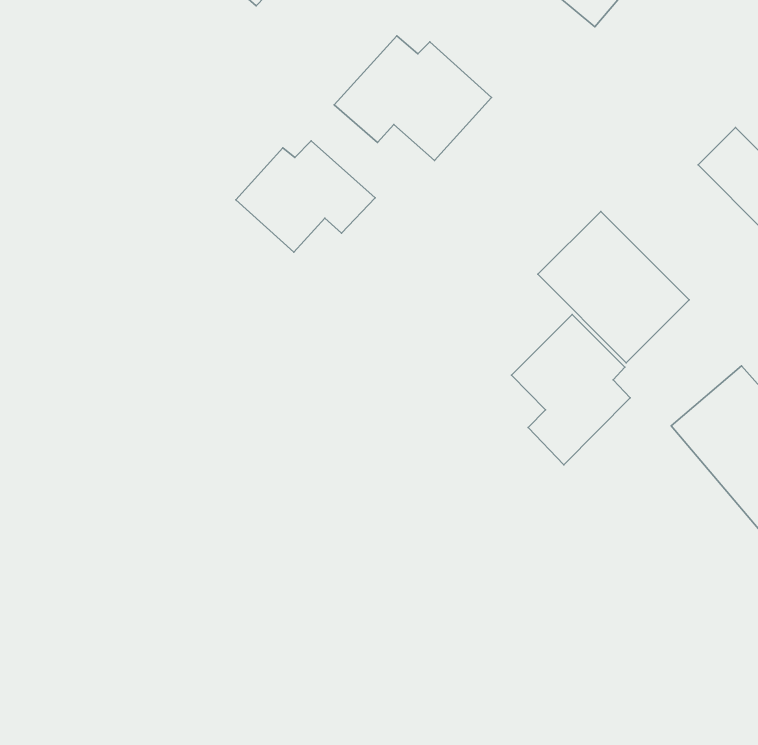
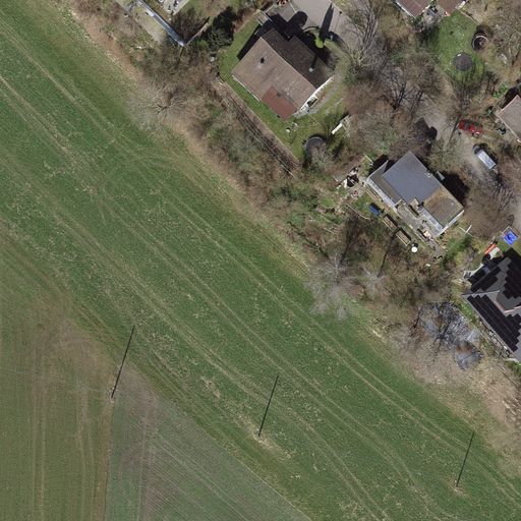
building: [236,141,375,252] -> none
building: [512,314,630,465] -> none

